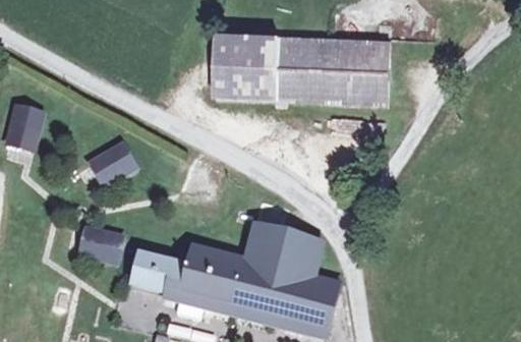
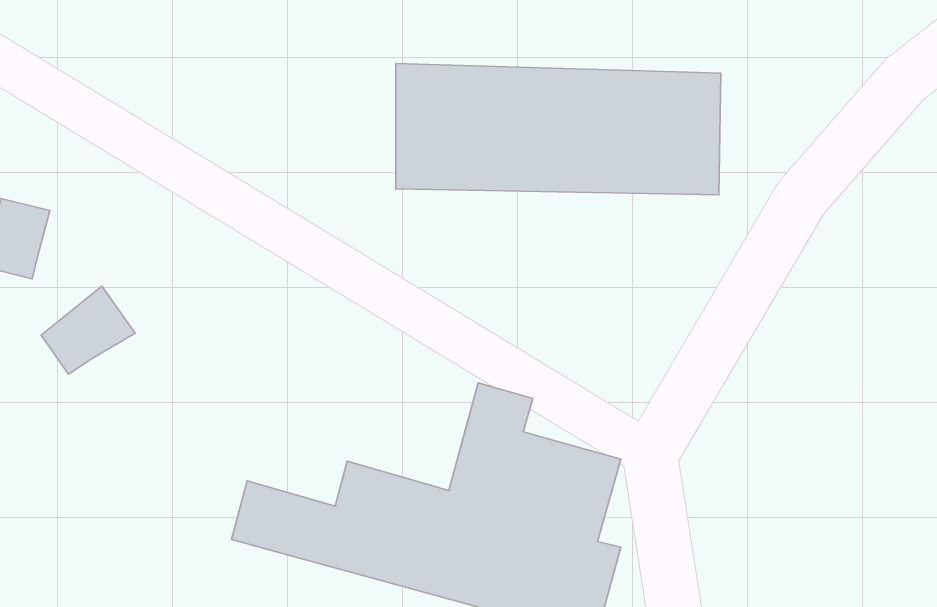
building: [88,139,136,185] -> [41,286,135,374]
building: [78,230,121,265] -> none

